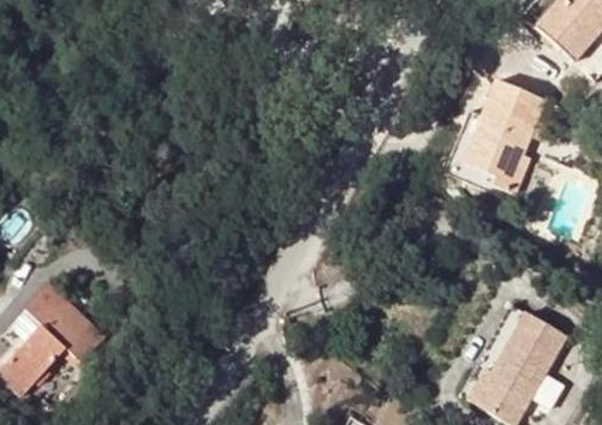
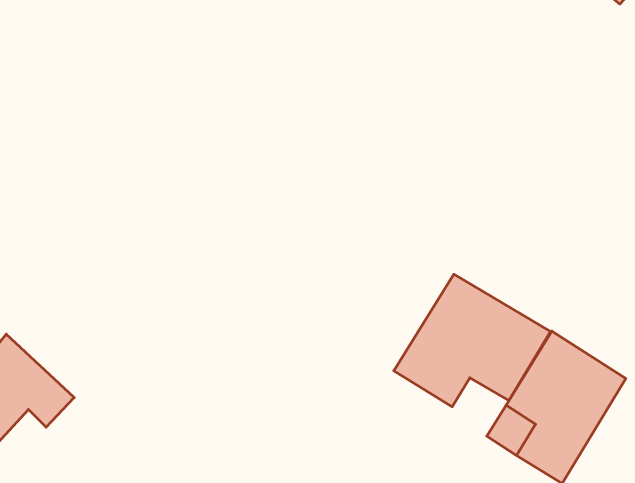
building: [458,92,538,175] -> none
building: none -> [394,274,550,407]

